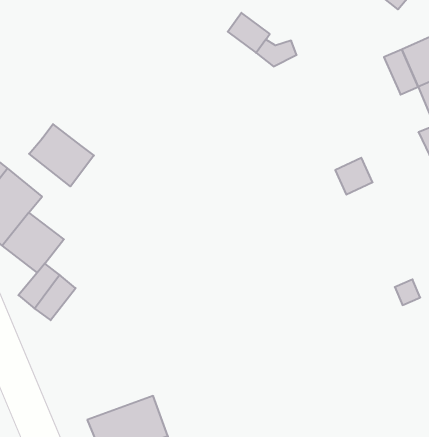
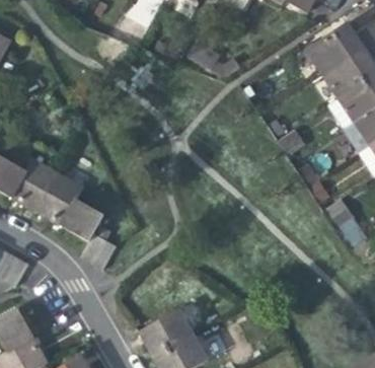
building: [29,124,94,186] -> none

